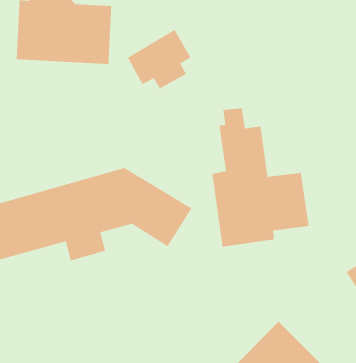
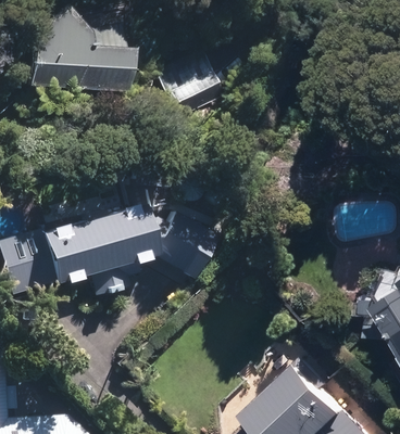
building: [212,107,309,248] -> none

